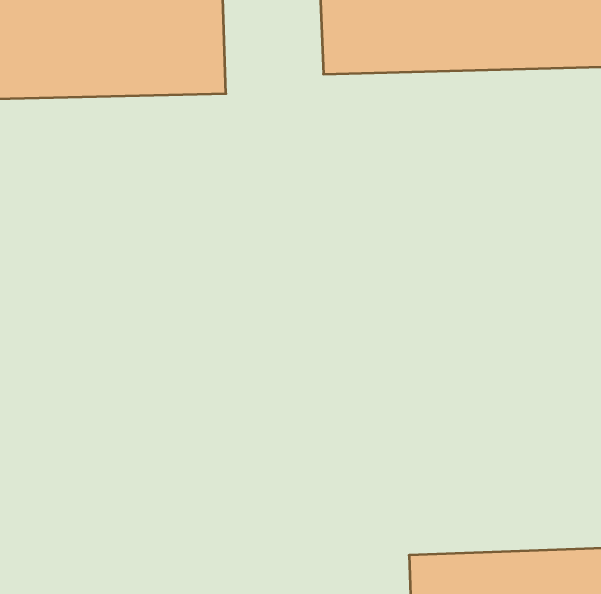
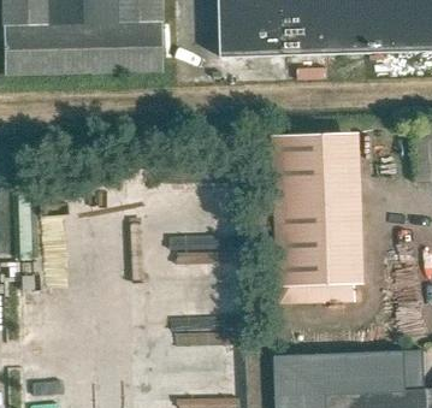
building: none -> [276,135,354,282]

